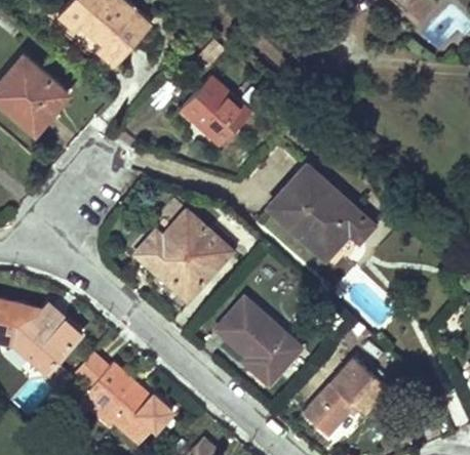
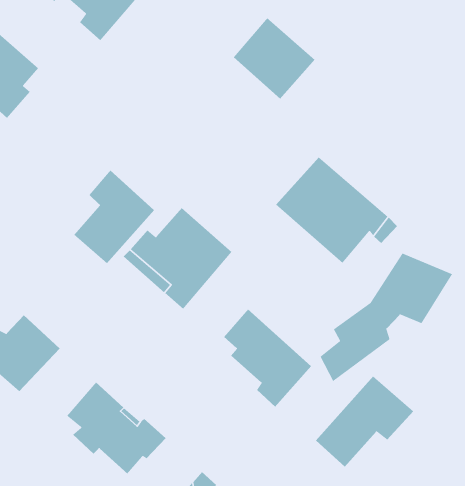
building: [181,76,252,148] -> [233,17,316,99]
building: none -> [73,169,155,264]
building: none -> [320,253,453,382]

